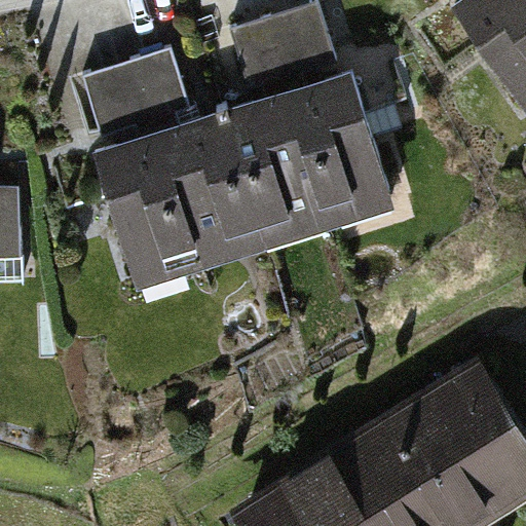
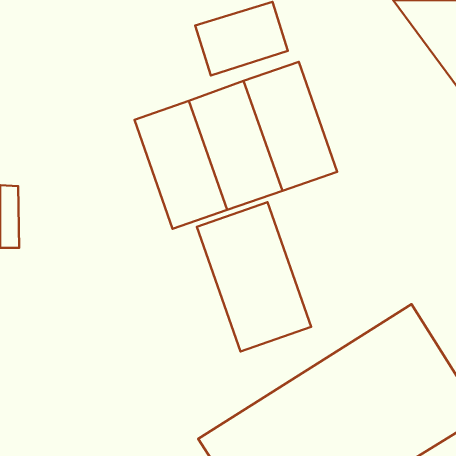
building: [83,55,191,143] -> none
building: [99,145,204,290] -> none
building: none -> [197,202,311,352]

